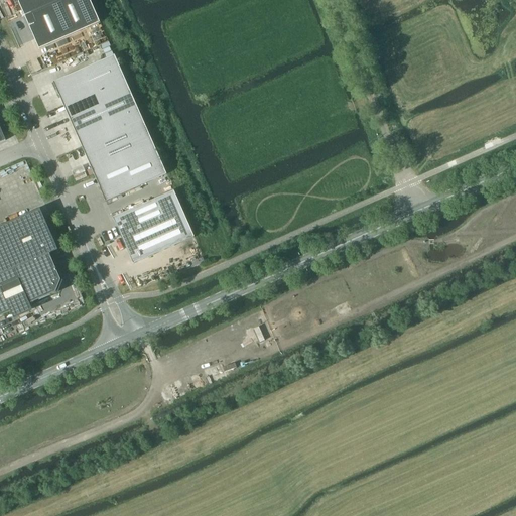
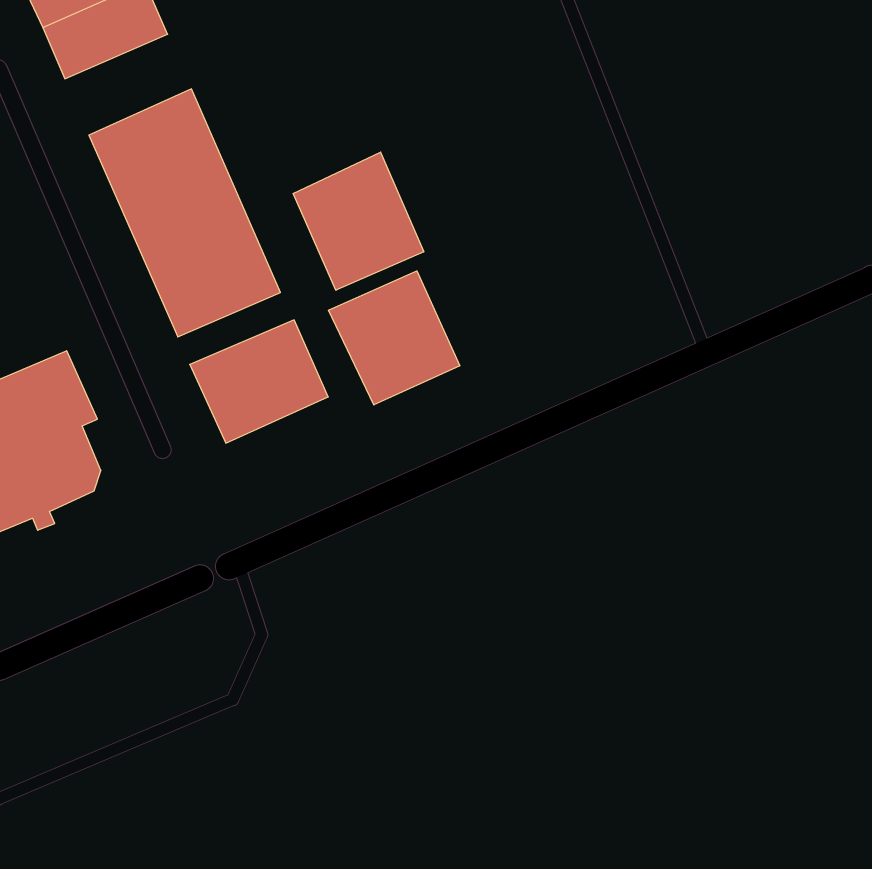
building: none -> [293,152,424,290]
building: none -> [329,271,460,405]

